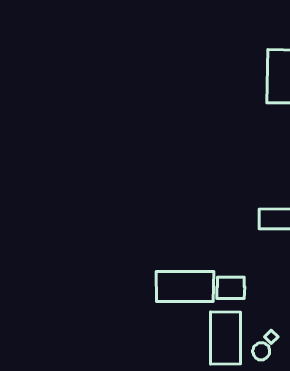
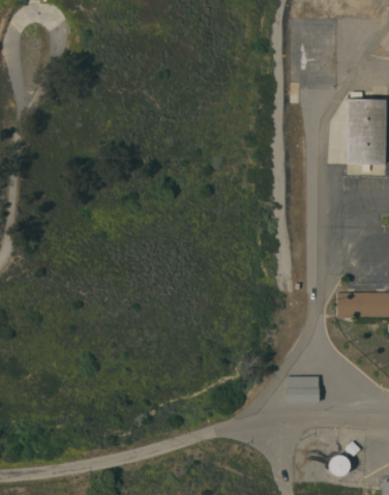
building: [156,271,214,301] -> none
building: [210,312,241,364] -> none

